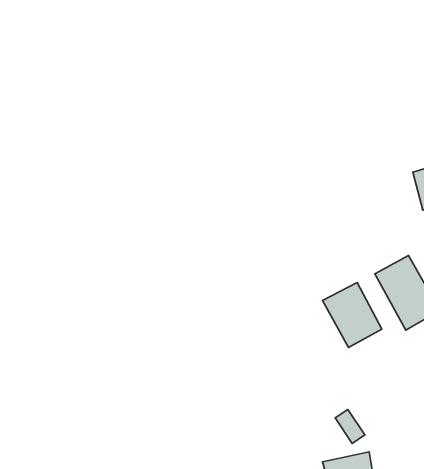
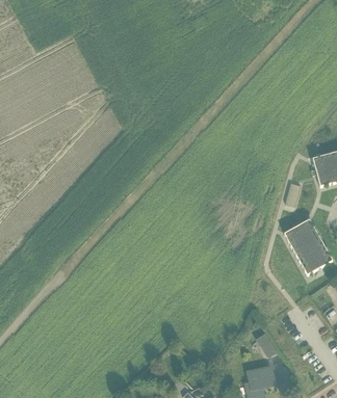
building: [323,283,382,348] -> none

